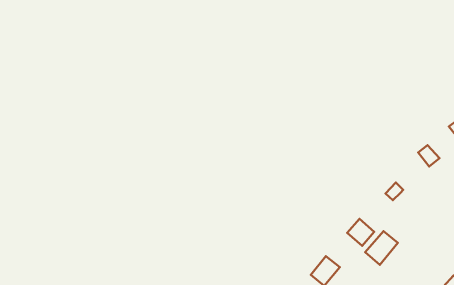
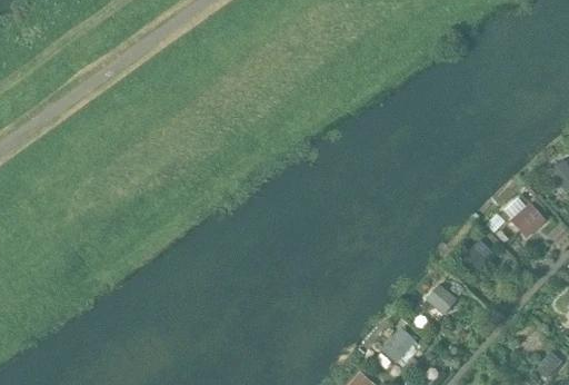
building: [365,231,398,265] -> none

